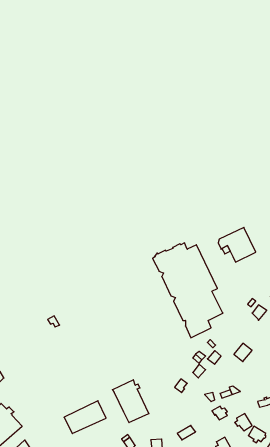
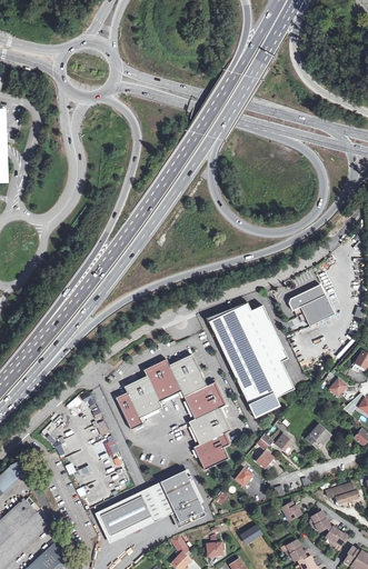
building: none -> [116,355,228,469]
building: none -> [141,485,172,517]

